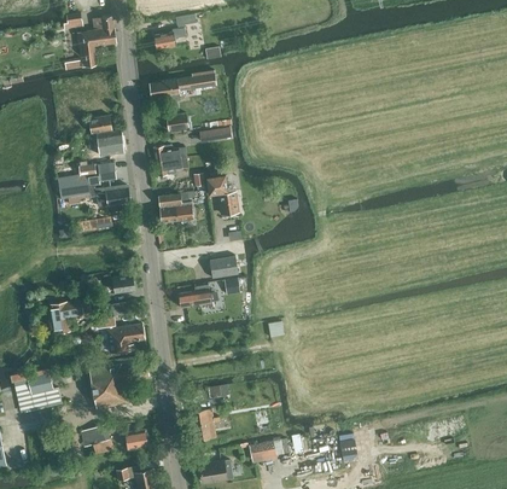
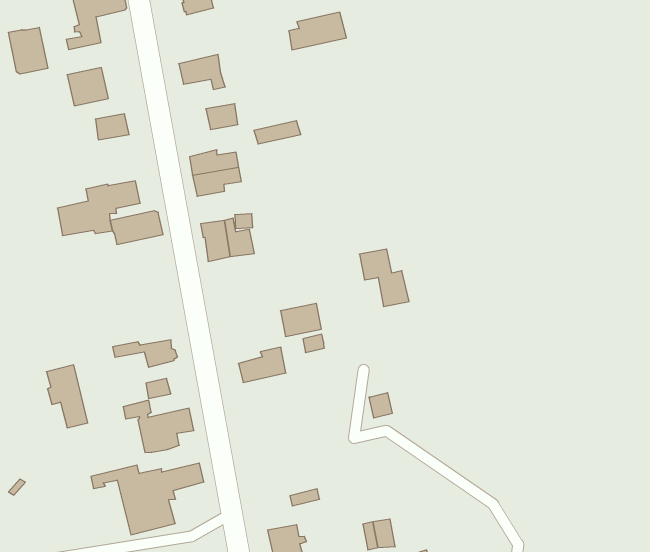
building: none -> [9,27,48,74]
building: [176,68,216,92] -> [289,12,346,50]
building: [95,130,123,156] -> [67,68,108,106]
building: [205,175,238,215] -> [359,249,409,307]
building: [19,374,62,412] -> none

